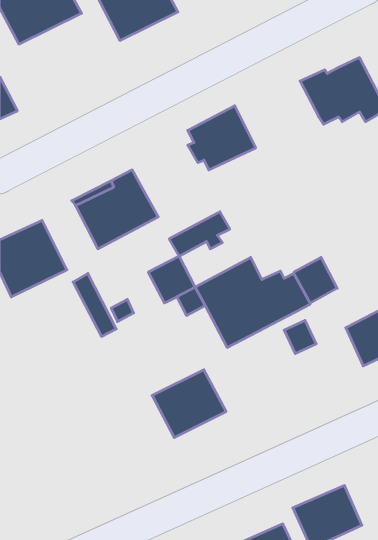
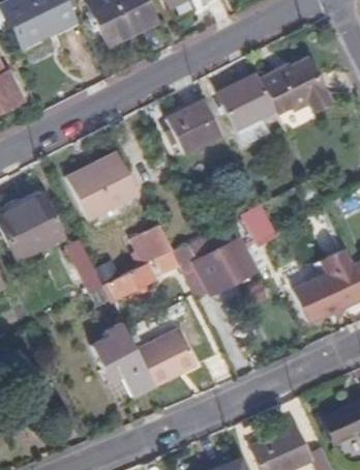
building: none -> [215,74,273,145]
building: [169,212,230,256] -> [103,265,154,302]
building: none -> [90,320,152,389]

